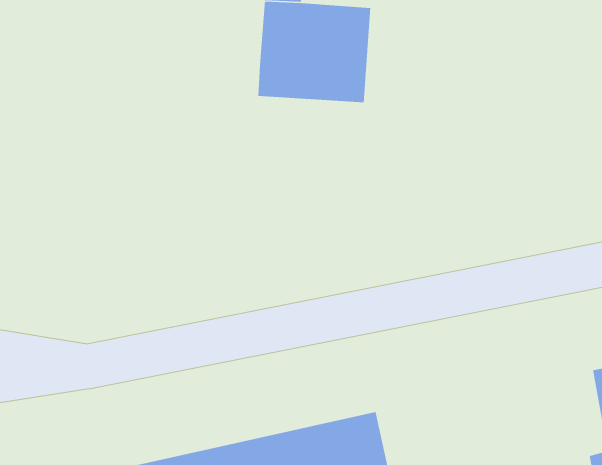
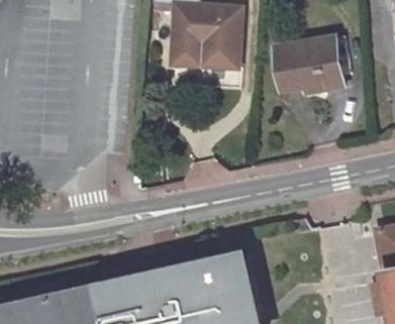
building: none -> [272,36,340,95]

